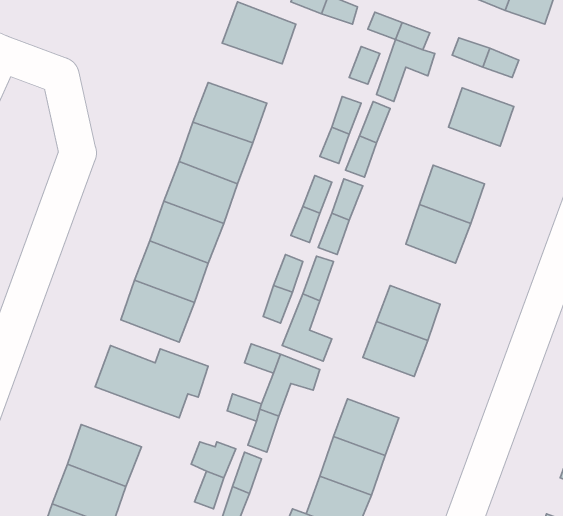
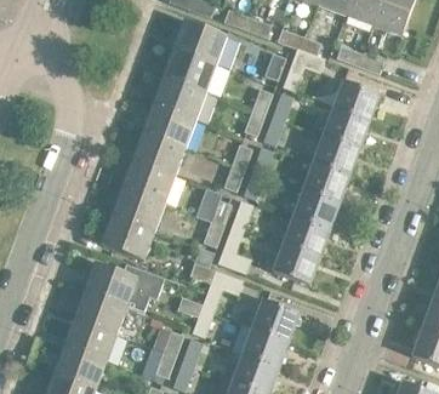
building: none -> [164,48,216,91]
building: none -> [323,108,370,148]
building: none -> [292,190,338,233]
building: none -> [74,291,126,333]

